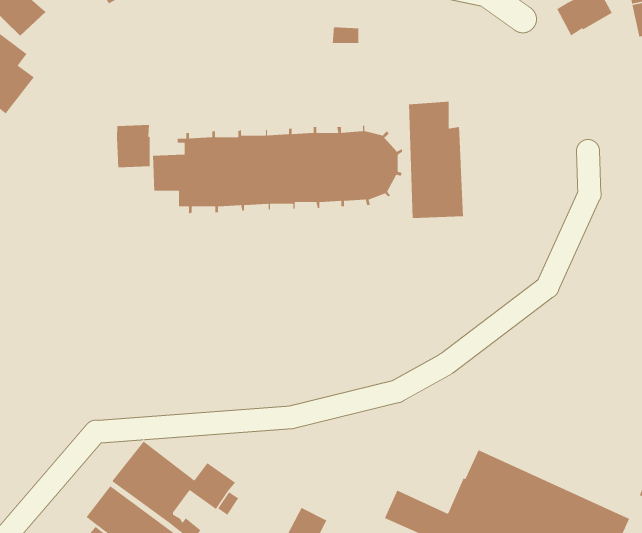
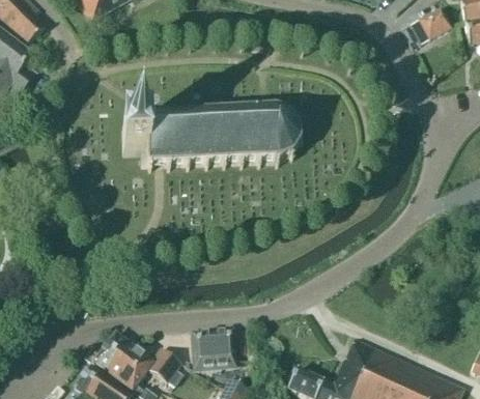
building: [408,101,464,219] -> none
building: [116,124,151,168] -> none
building: none -> [191,327,235,369]

